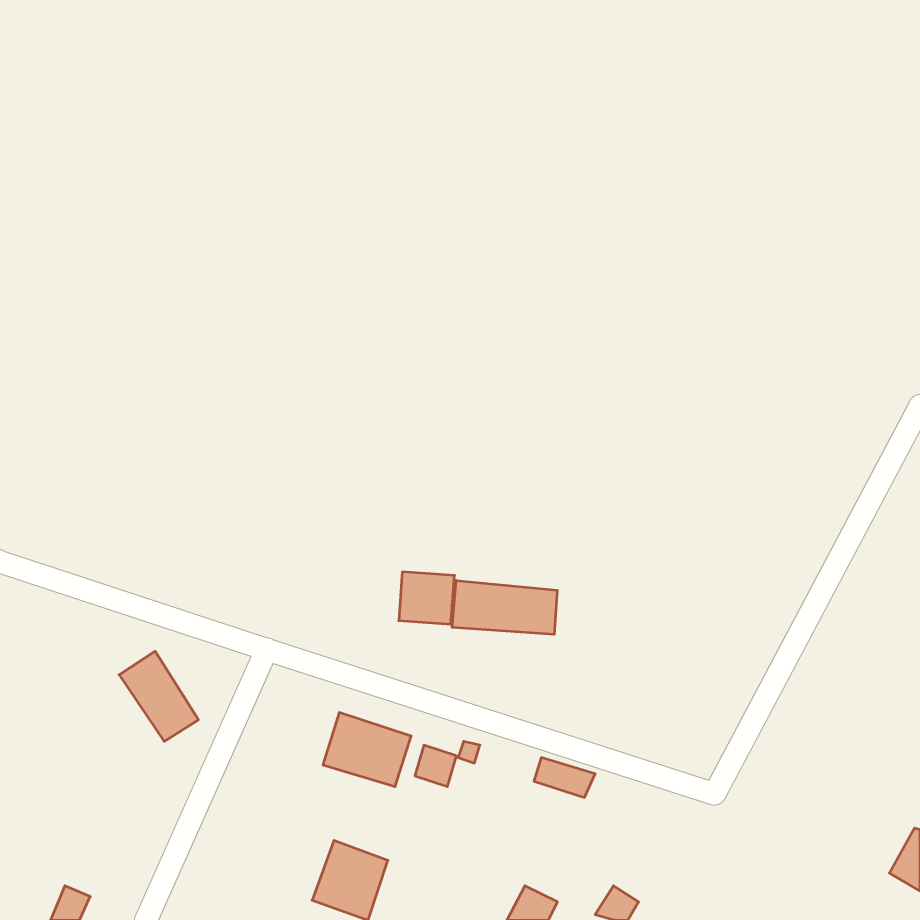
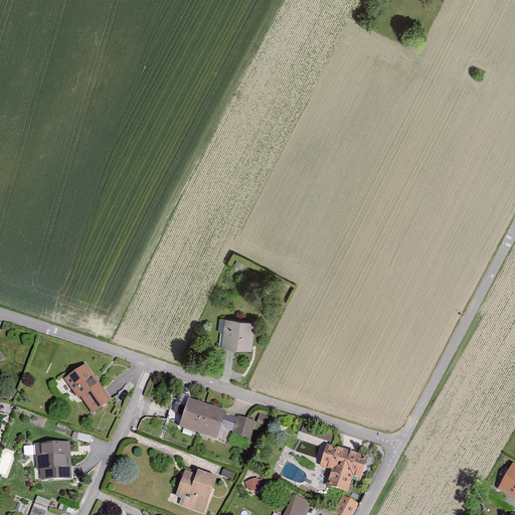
building: [452,580,557,634] -> none
building: none -> [37,441,69,480]
building: none -> [322,445,369,492]

